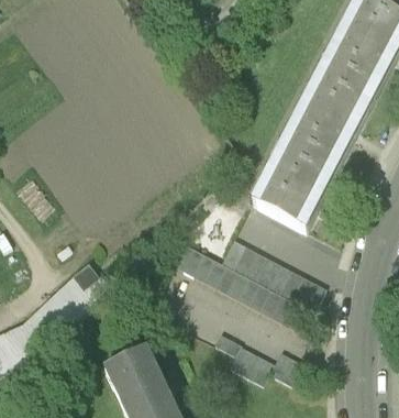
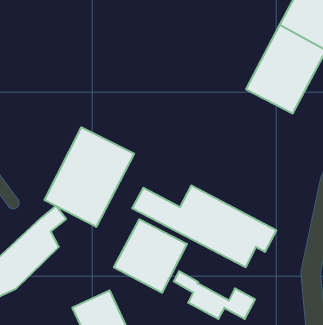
building: [254,133,341,228] -> none
building: none -> [44,127,134,227]
building: none -> [114,219,187,293]

